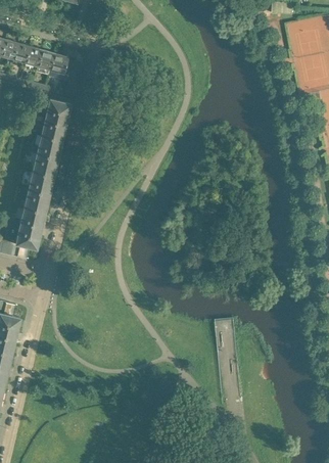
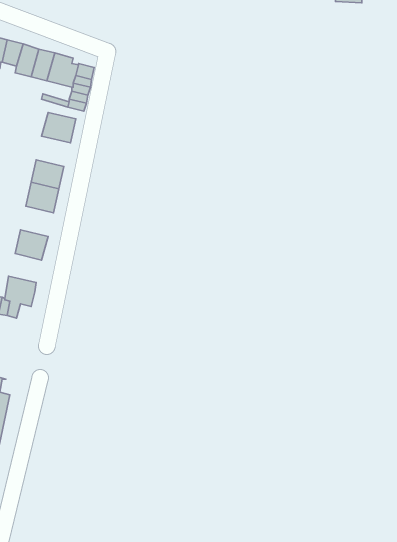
building: [39,117,65,140] -> none
building: [27,171,52,194] -> none
building: [17,207,43,230] -> none

